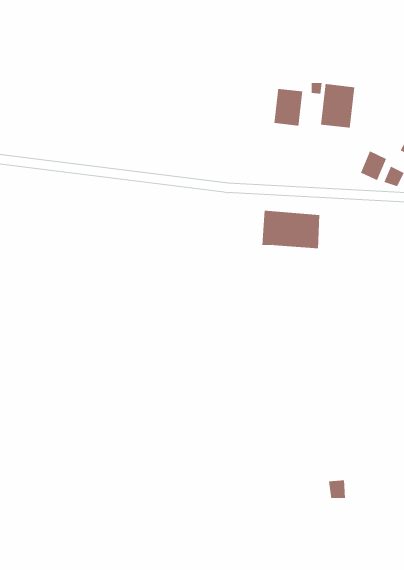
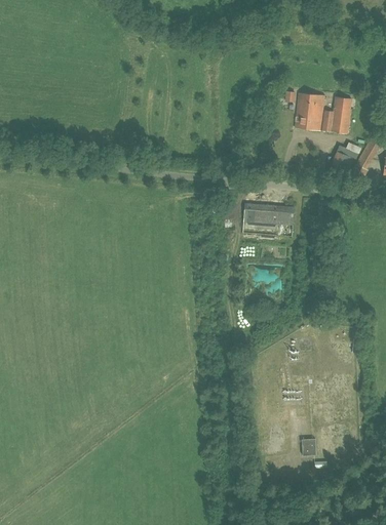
building: [274,88,303,126] -> none
building: none -> [321,95,352,133]

